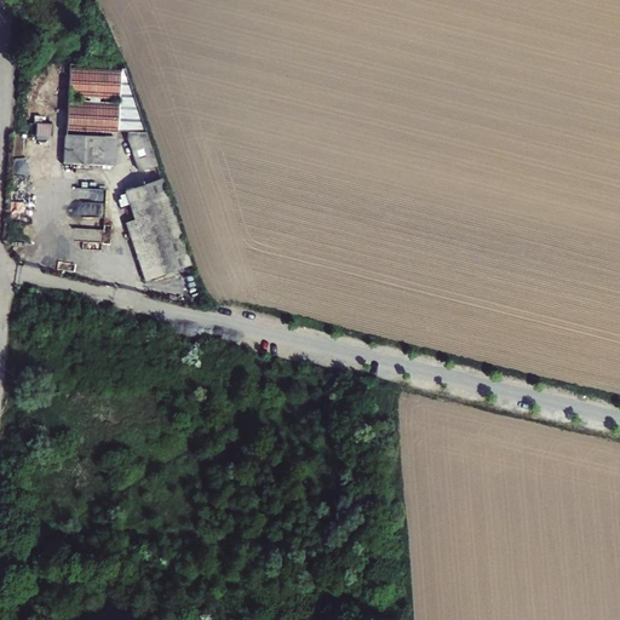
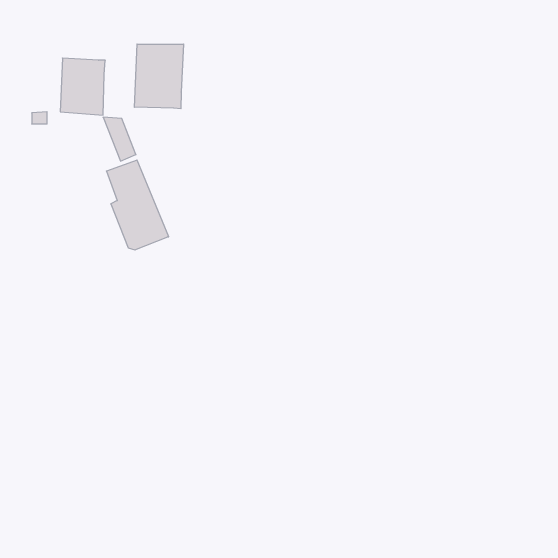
building: none -> [134,44,184,109]
building: [67,128,114,168] -> none

